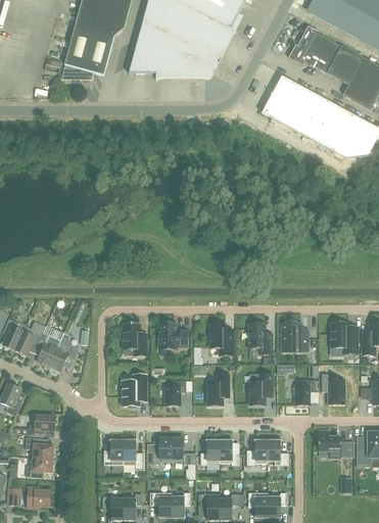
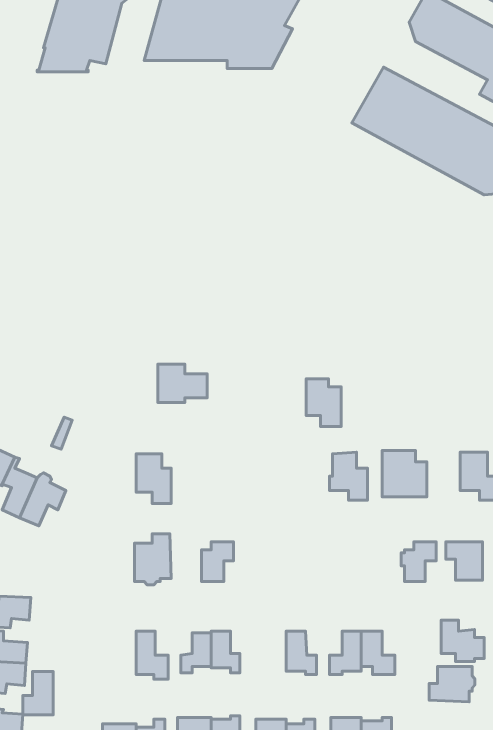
building: [158,324,190,348] -> [158,364,207,403]
building: [209,324,232,354] -> [306,379,341,427]
building: [206,374,228,406] -> none
building: [248,374,271,406] -> none
building: [103,437,123,465] -> [23,672,53,715]
building: [199,437,219,465] -> none
building: none -> [429,667,475,702]

